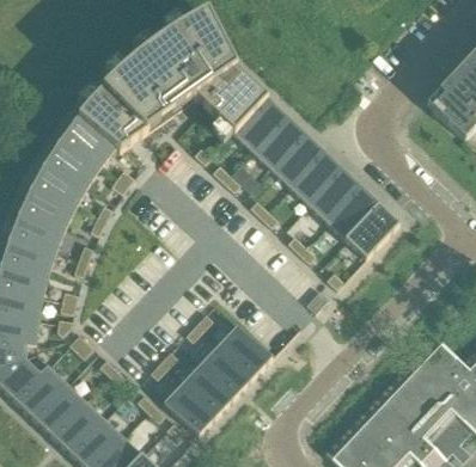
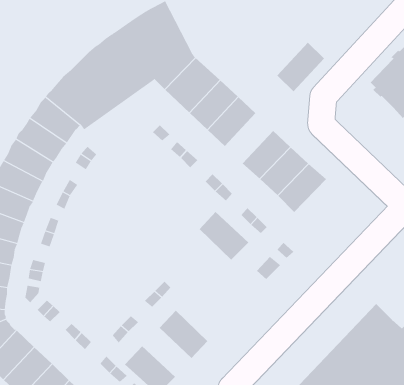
building: [270,133,322,186] -> [277,42,325,92]
building: [344,203,398,258] -> none
building: [218,324,271,376] -> [199,211,249,260]
building: [182,362,234,414] -> none

